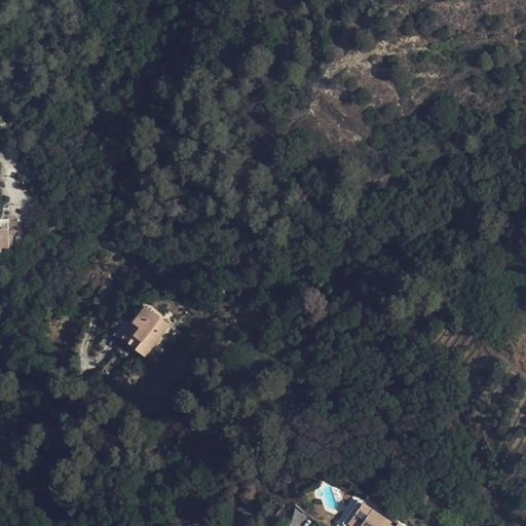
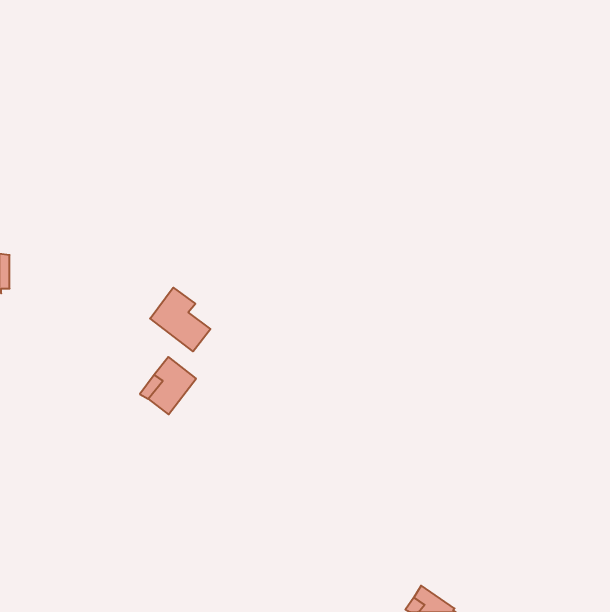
building: none -> [150,288,210,351]

